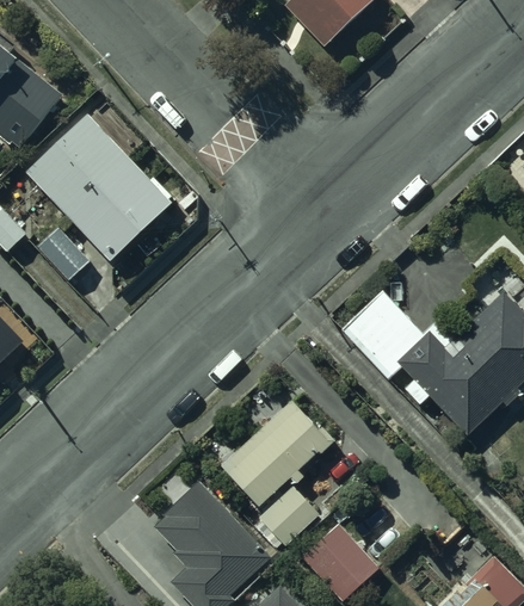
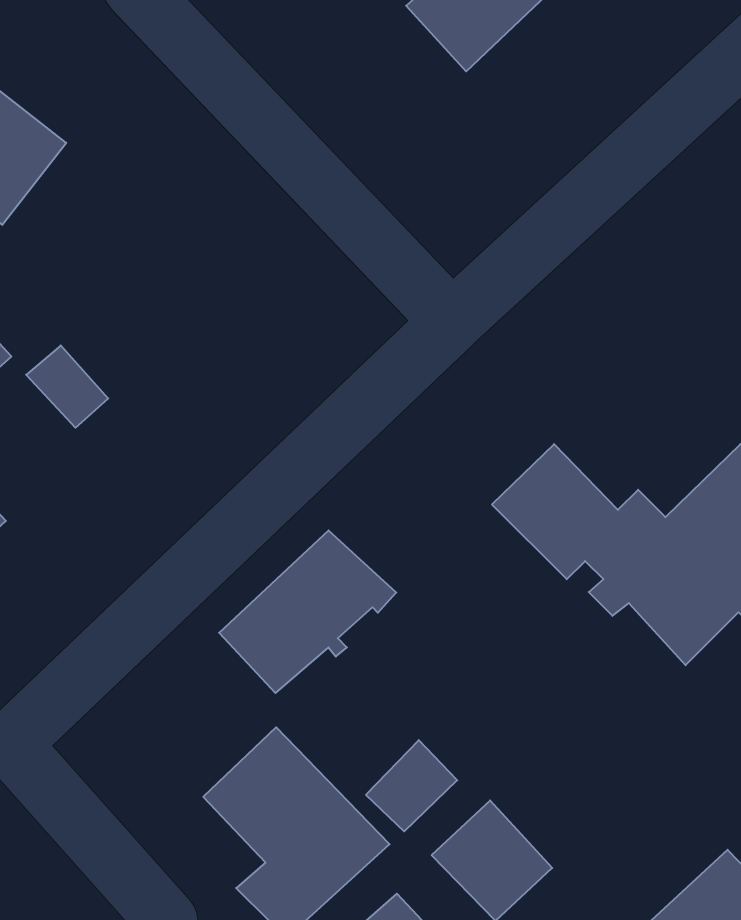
building: [26,116,171,261] -> none
building: [220,400,335,506] -> [219,530,396,693]

